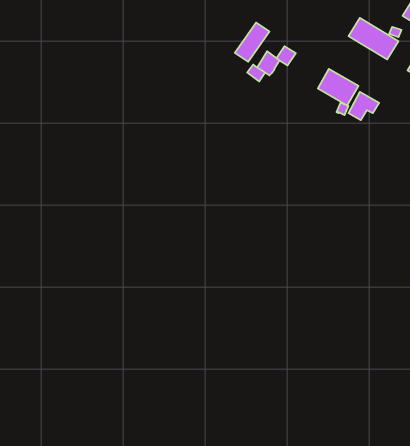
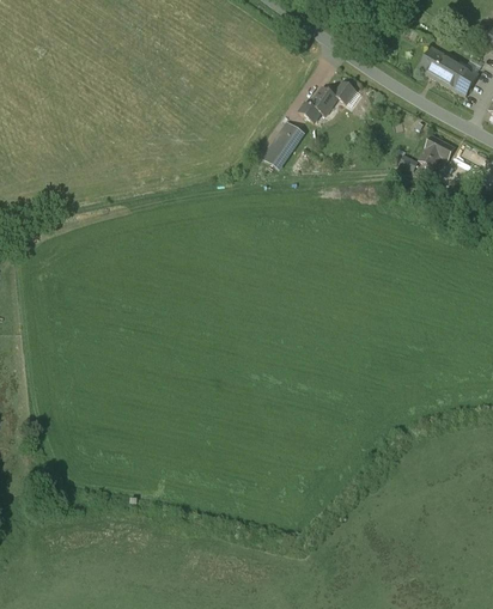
building: [235,22,269,62] -> [263,121,304,168]
building: [318,69,358,105] -> none

